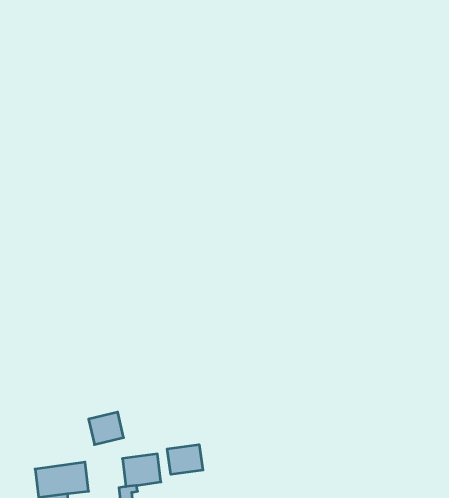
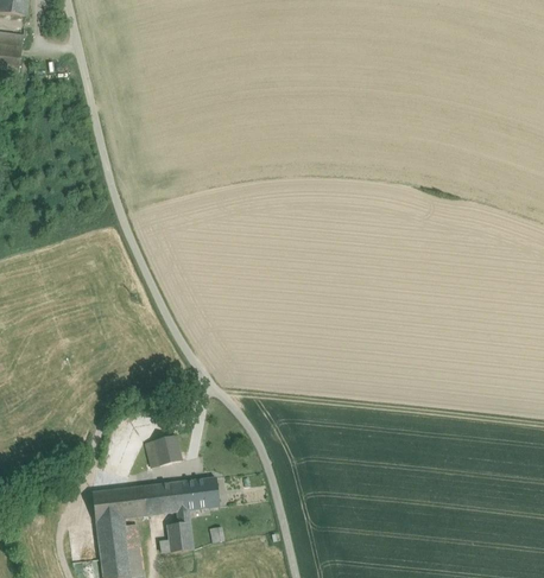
building: [167,445,203,474] -> none
building: none -> [141,482,183,515]

